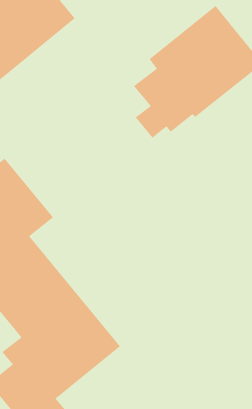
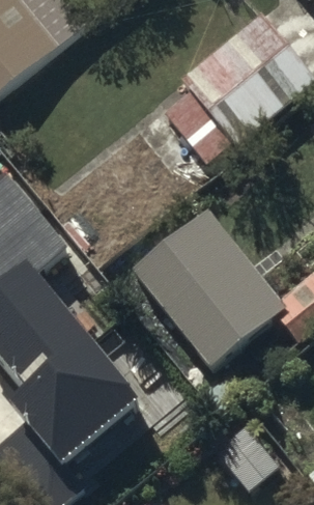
building: none -> [142,218,289,372]

